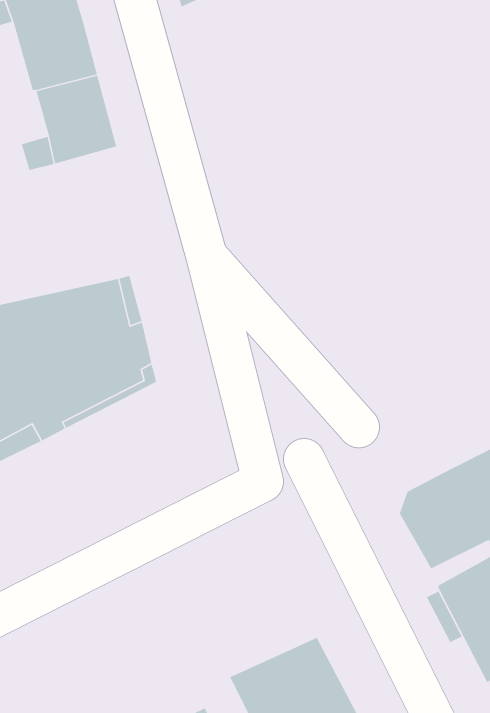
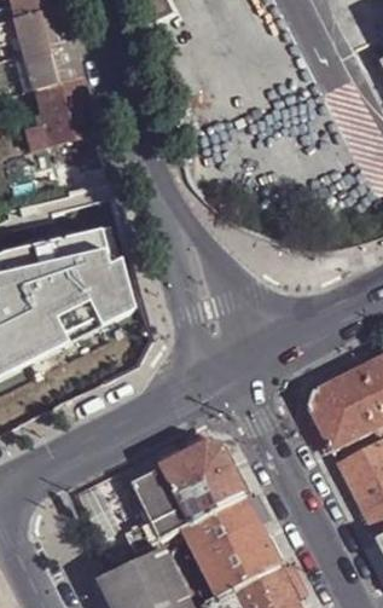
building: none -> [127,447,246,543]

